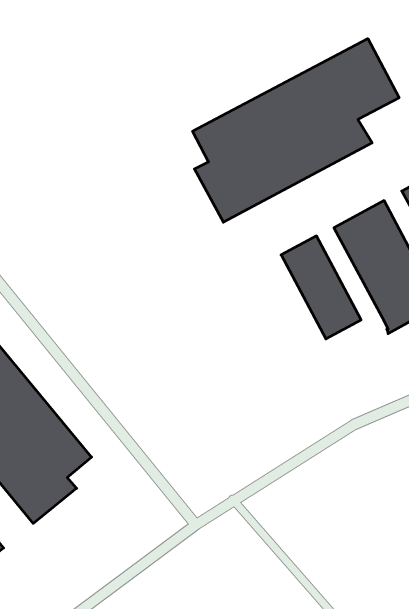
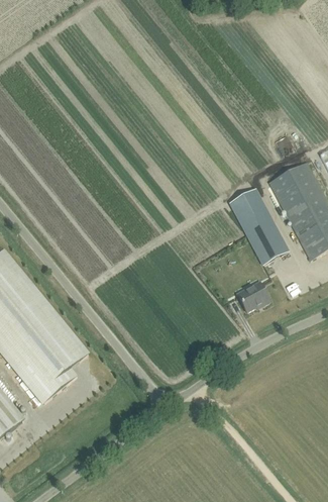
building: [193,39,399,222] -> none
building: none -> [244,288,276,316]

